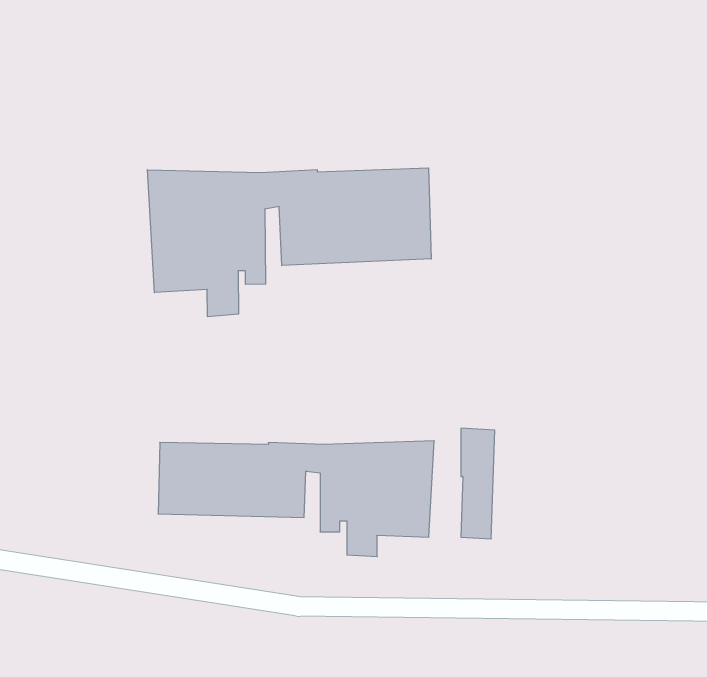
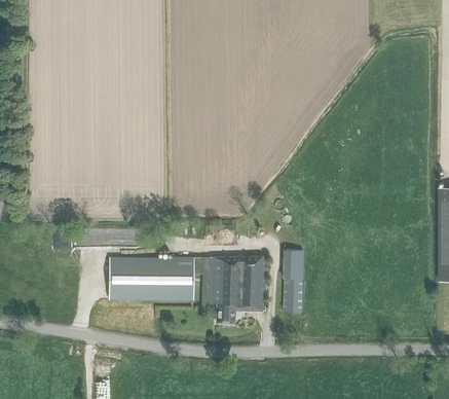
building: [147,168,431,317] -> none

